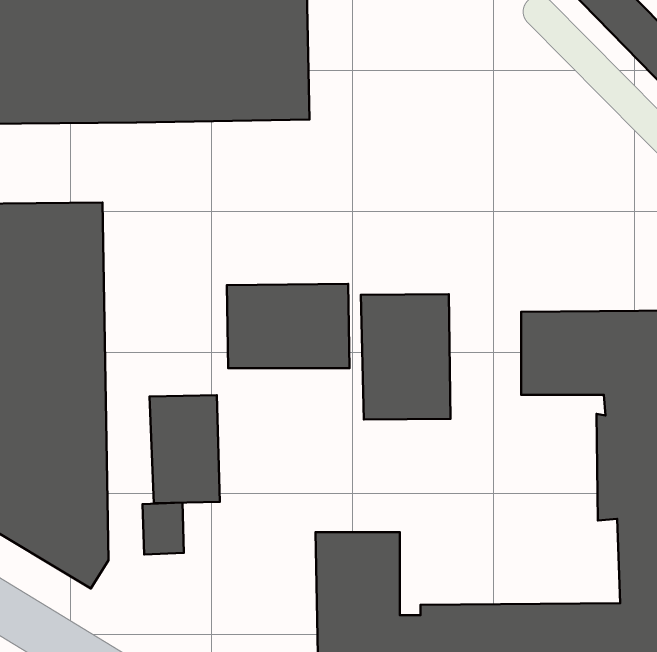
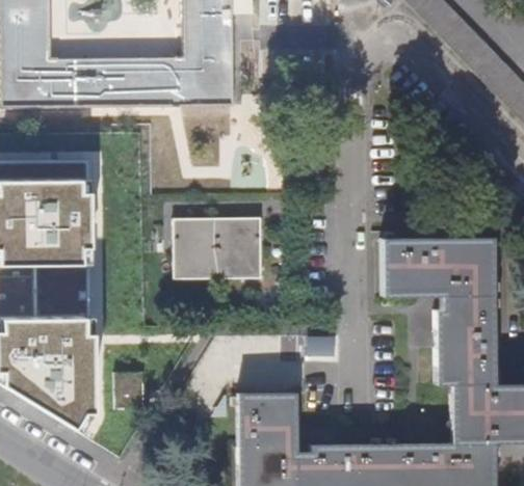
building: [361,294,450,419] -> none
building: [150,395,220,503] -> none

